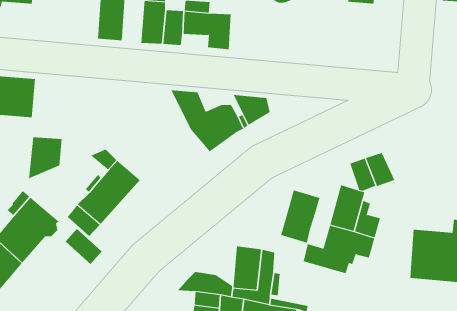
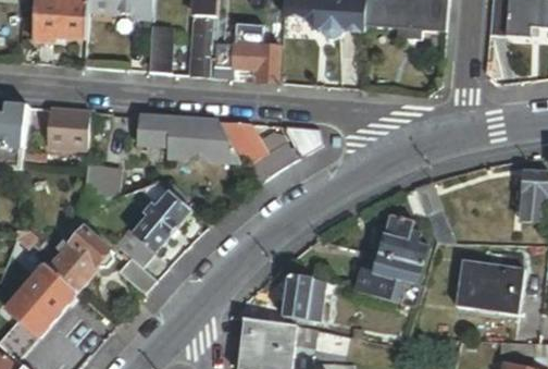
building: none -> [137,115,240,161]
building: [281,190,320,244] -> none

